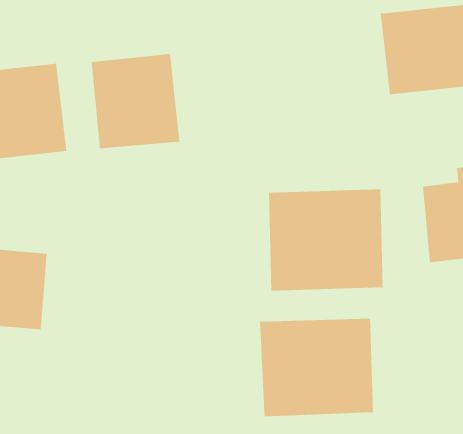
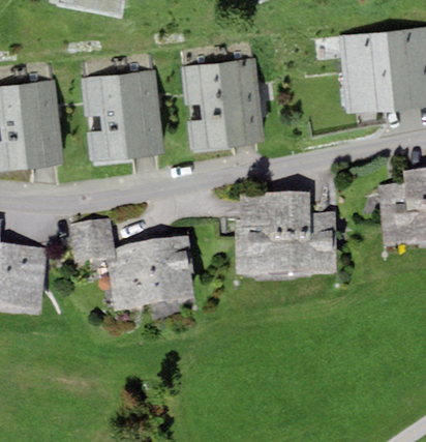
building: none -> [181,58,262,143]
building: none -> [68,219,199,314]
building: [260,318,373,417] -> none

